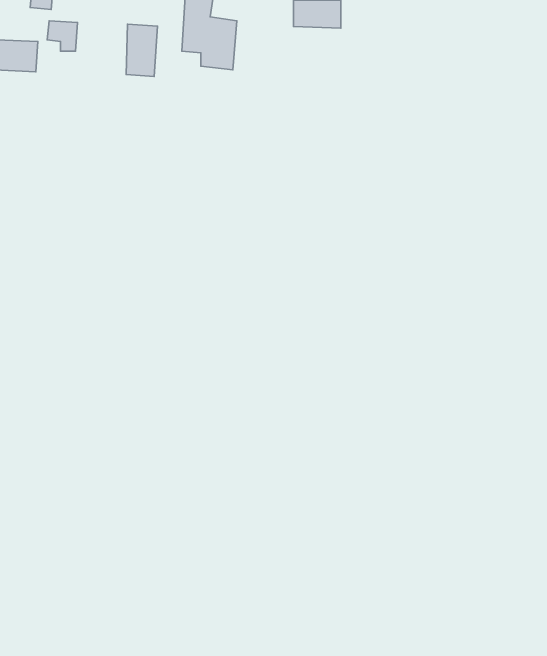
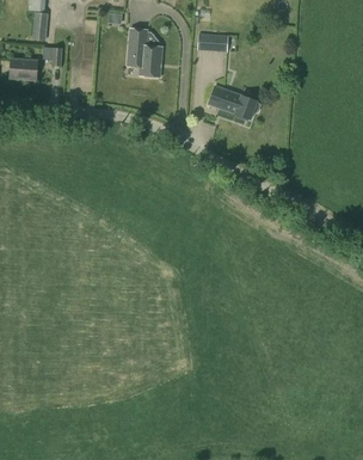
building: [126,24,157,76] -> none
building: none -> [209,86,260,119]

